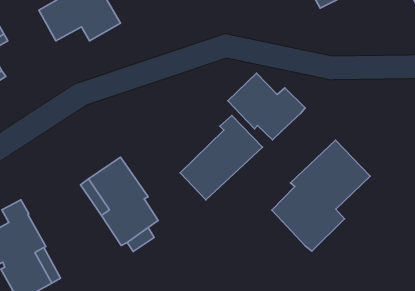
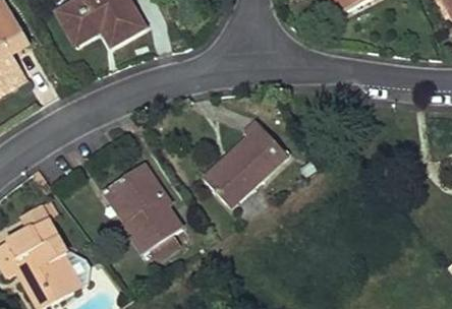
building: [228,73,305,140] -> none
building: [272,140,370,251] -> none

